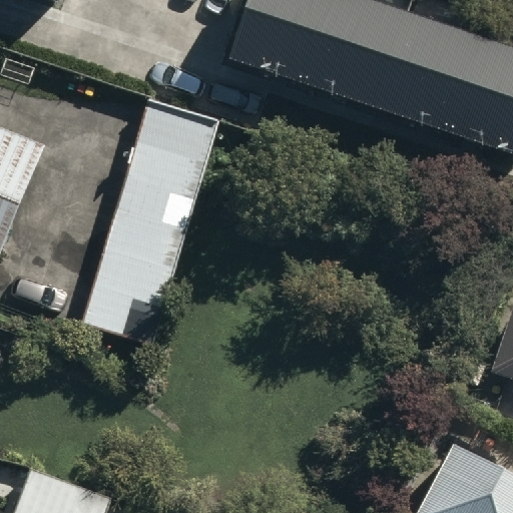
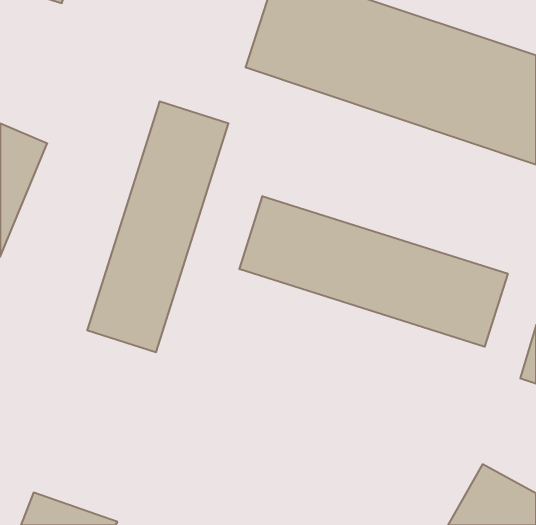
building: none -> [239,196,508,347]

